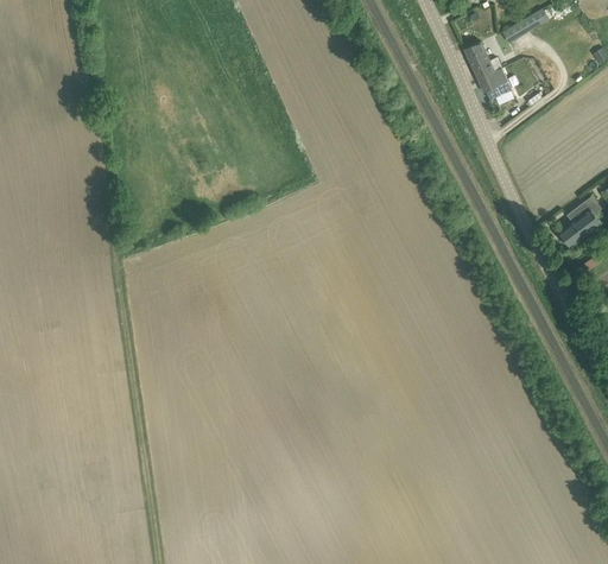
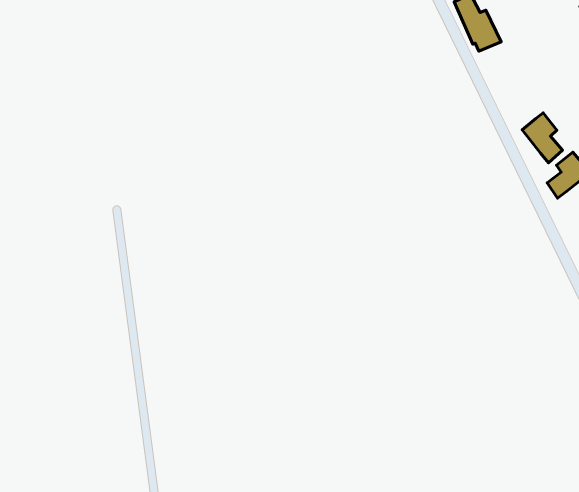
building: none -> [522,113,562,163]

